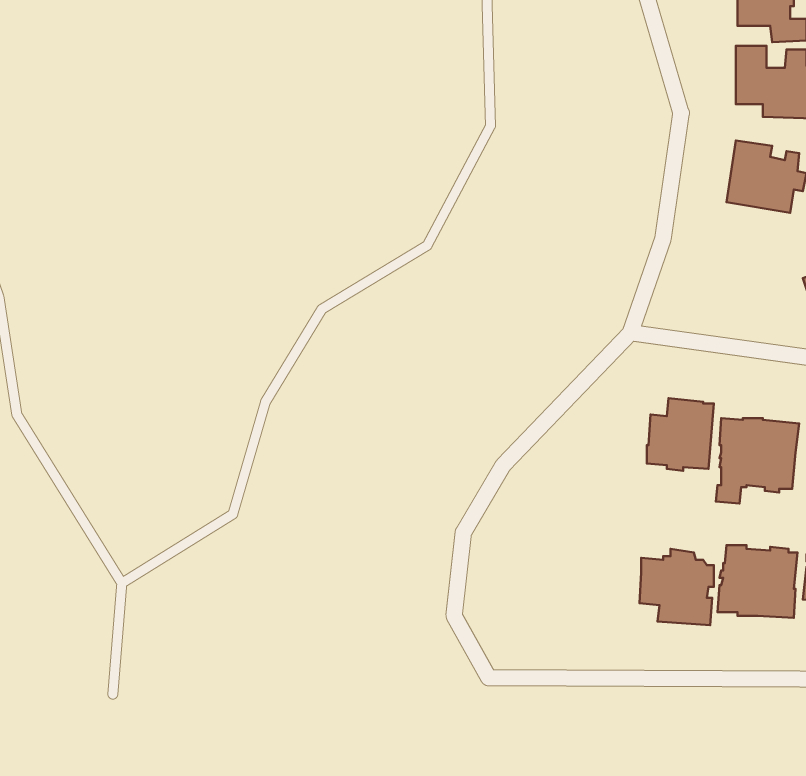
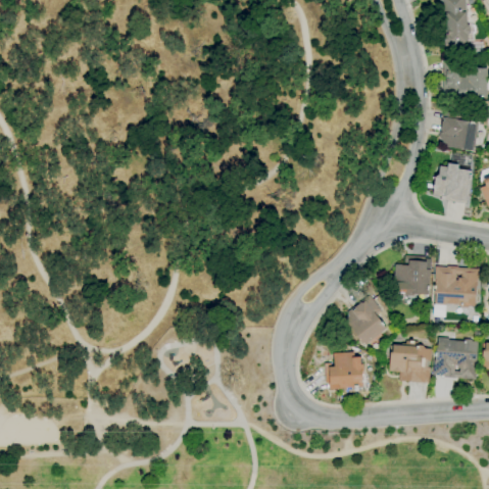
building: none -> [434,154,473,203]
building: none -> [345,295,388,346]
building: none -> [325,352,364,390]

